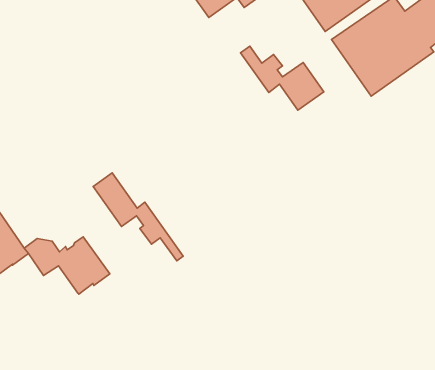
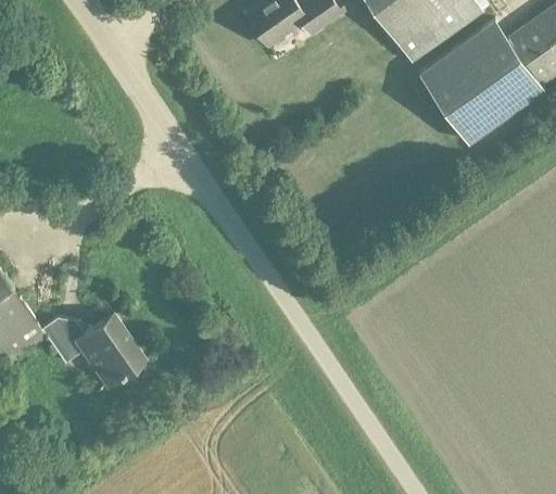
building: [241,46,324,110] -> none
building: [93,173,183,261] -> none

